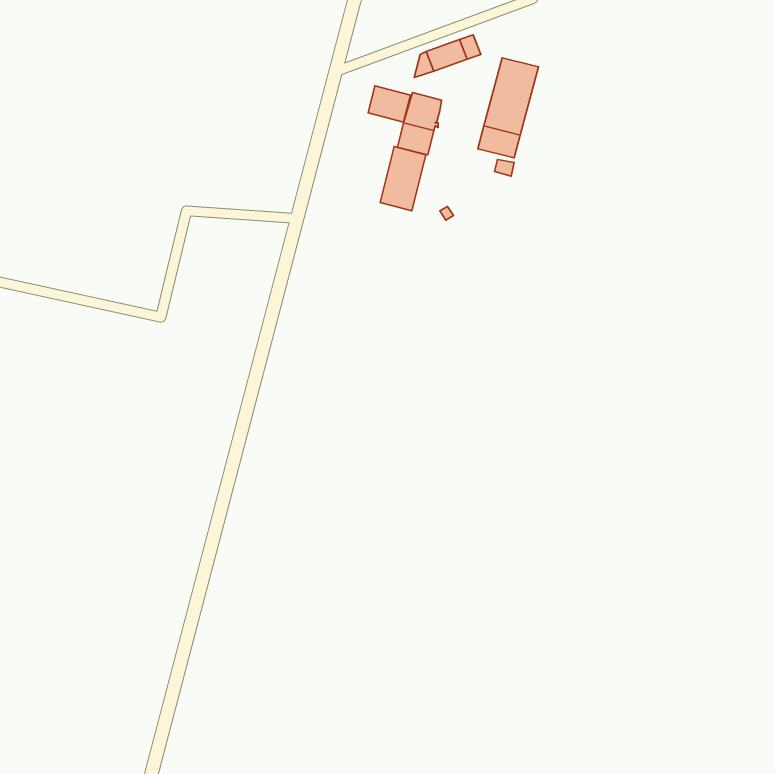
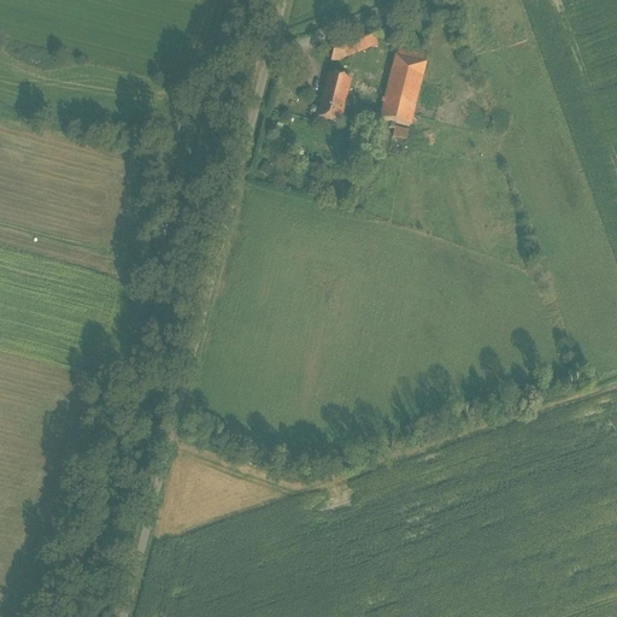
building: [368,86,410,122] -> none
building: [380,146,426,211] -> none

